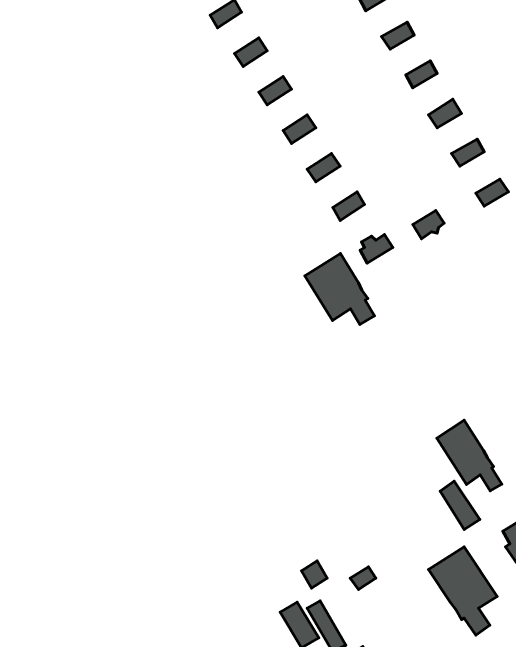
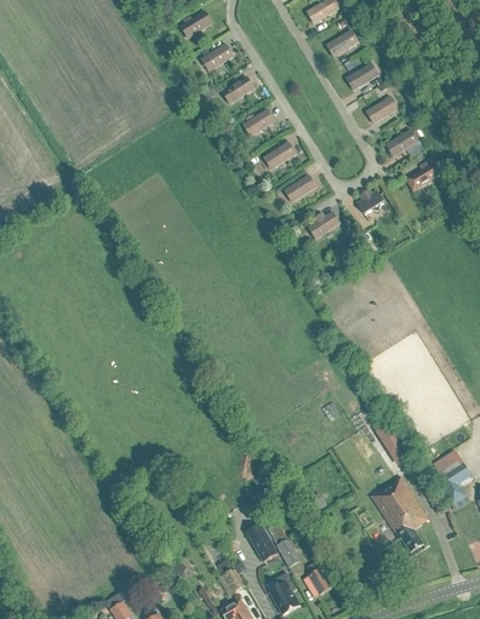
building: [305,254,375,324] -> none
building: [437,420,502,491] -> none

